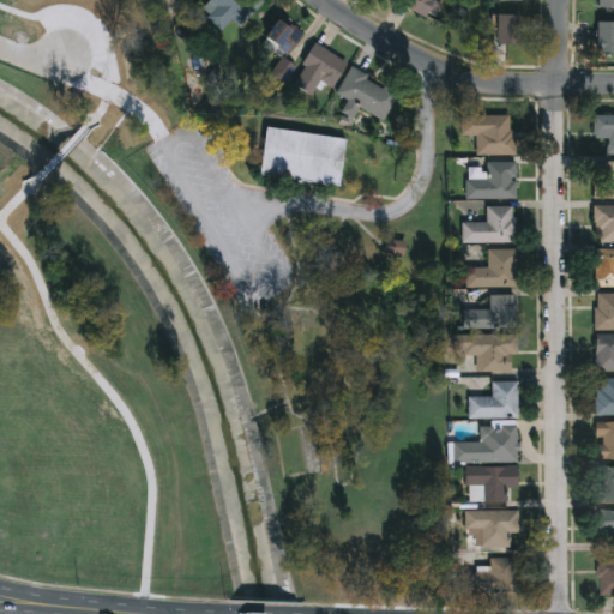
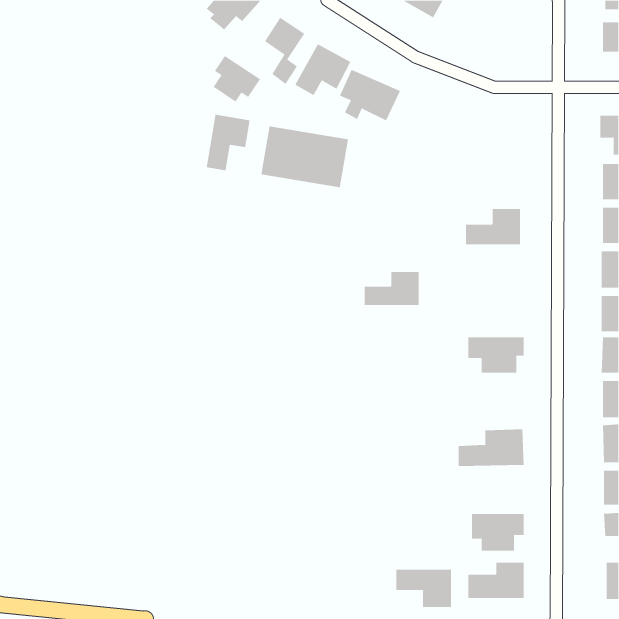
building: [496,14,518,46] -> none
building: none -> [213,55,261,102]
building: none -> [206,114,250,171]
building: [462,115,516,155] -> none
building: [466,162,516,199] -> none
building: [466,248,517,287] -> none
building: [463,294,518,327] -> [364,272,419,306]
building: [469,380,519,416] -> none
building: [465,465,519,500] -> none
building: none -> [396,569,452,608]

